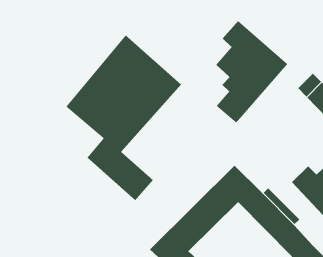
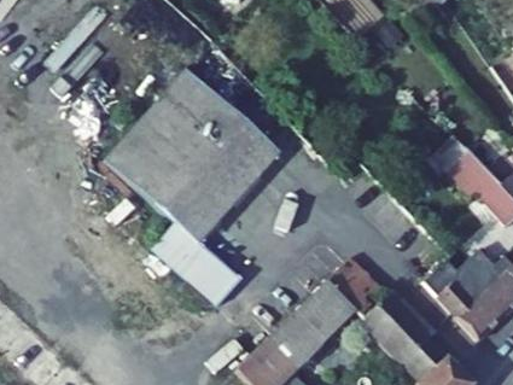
building: [215,20,288,123] -> none
building: none -> [103,69,204,181]

